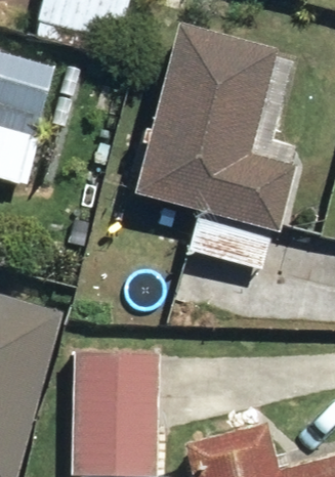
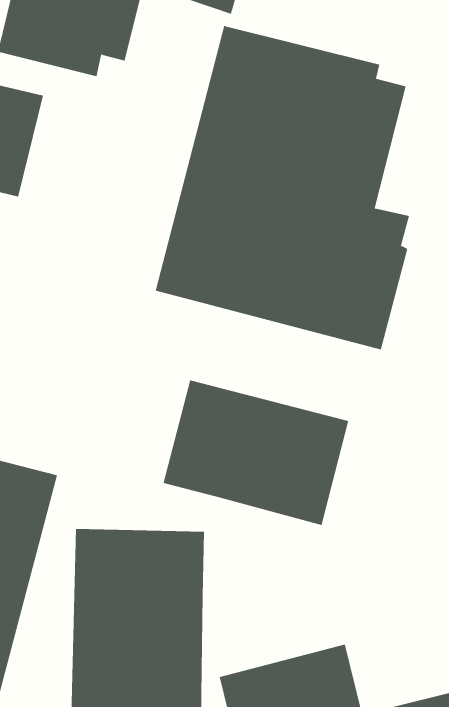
building: none -> [163,380,349,526]

